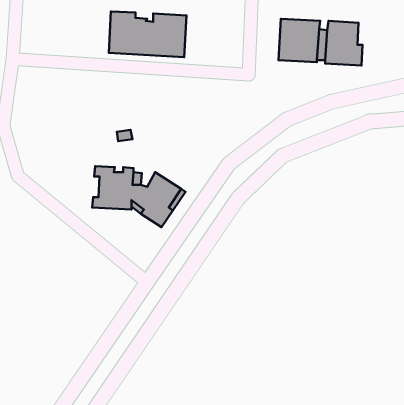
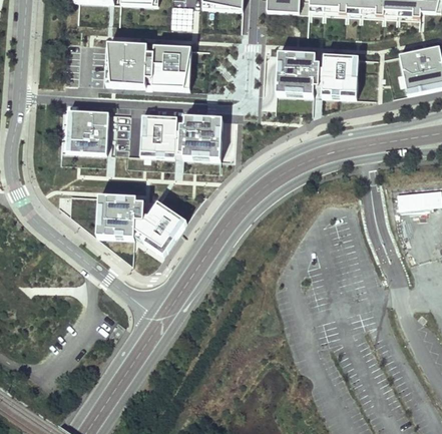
building: none -> [70,113,108,155]
building: none -> [140,115,224,161]

